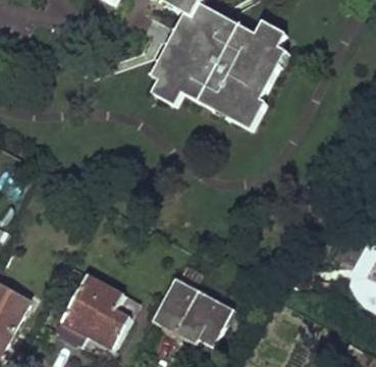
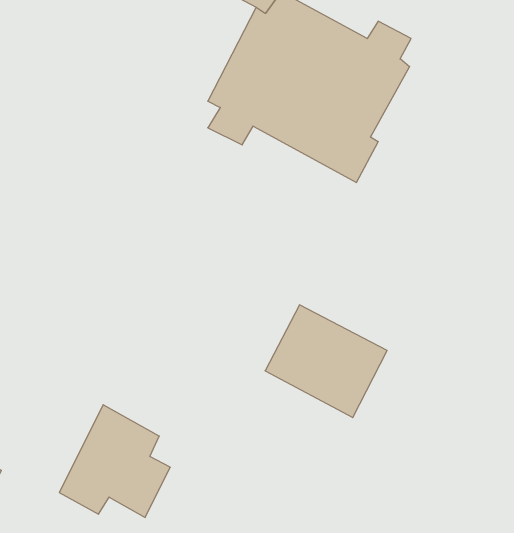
building: [153,276,232,350] -> [265,305,387,418]

